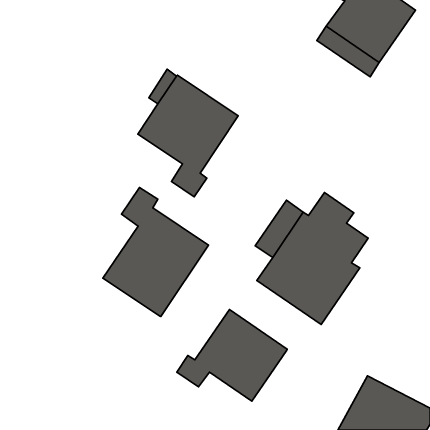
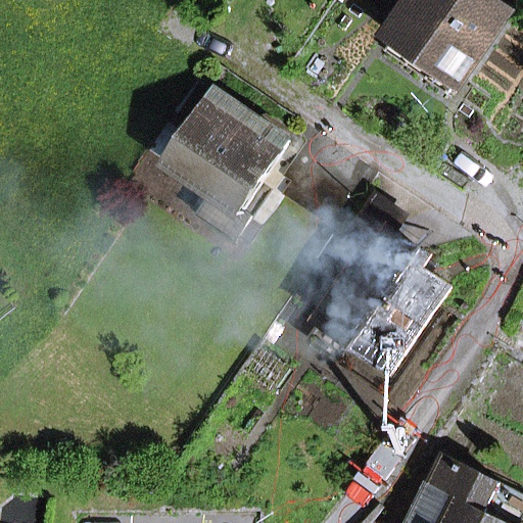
building: [103,187,208,316] -> none
building: [177,310,287,401] -> none

